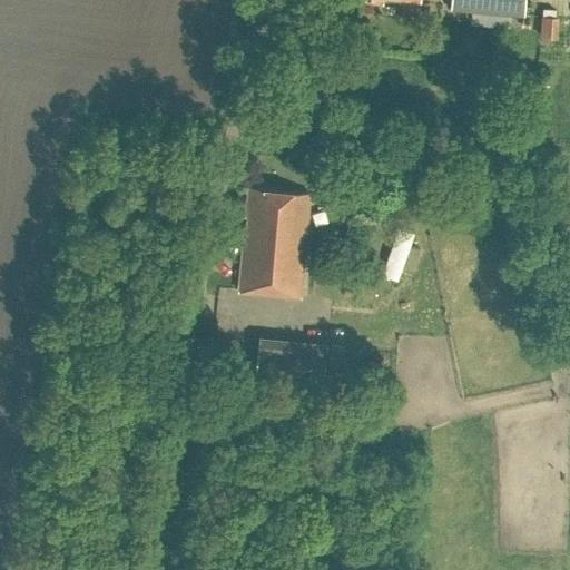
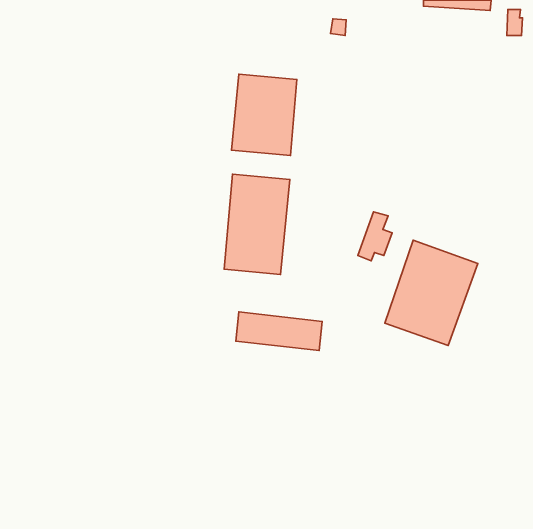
building: none -> [231,74,297,156]
building: none -> [385,240,478,346]

